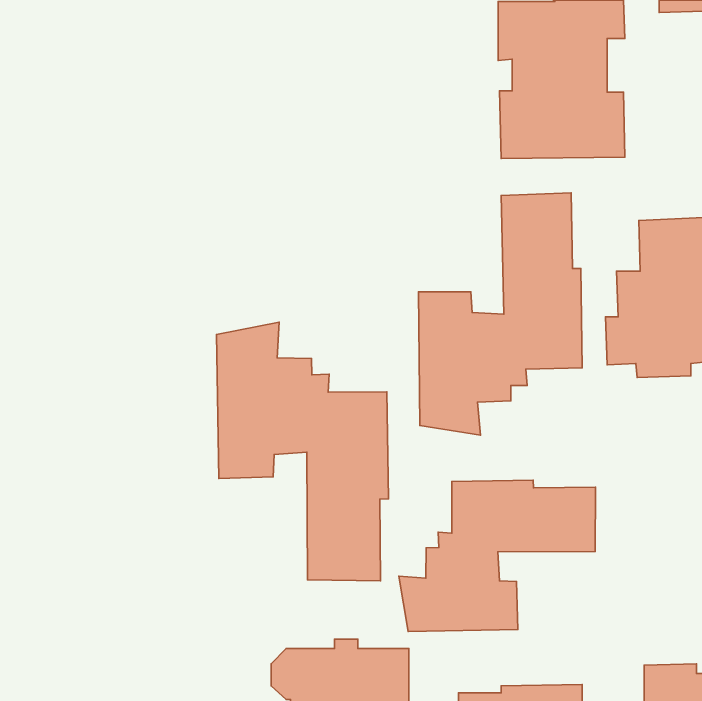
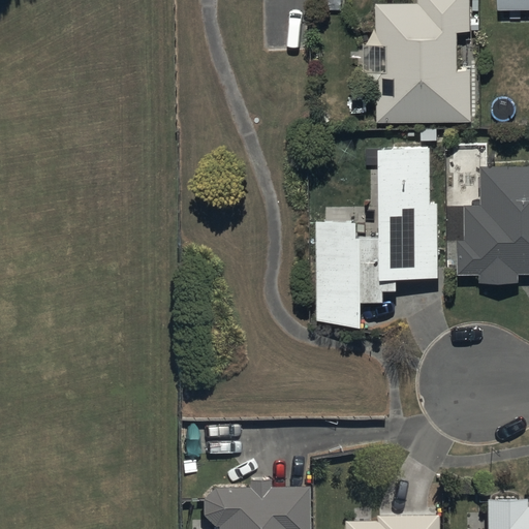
building: [216,322,388,581] -> none
building: [399,480,596,631] -> none

